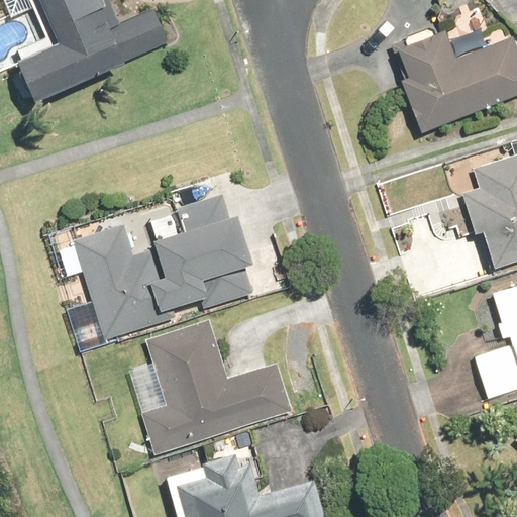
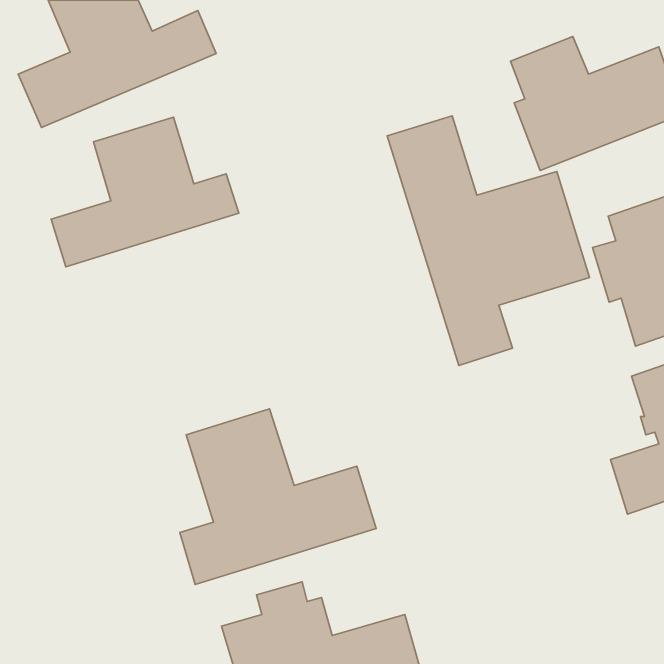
building: none -> [387,116,590,365]
building: none -> [51,117,239,267]
building: [72,194,254,341] -> none

